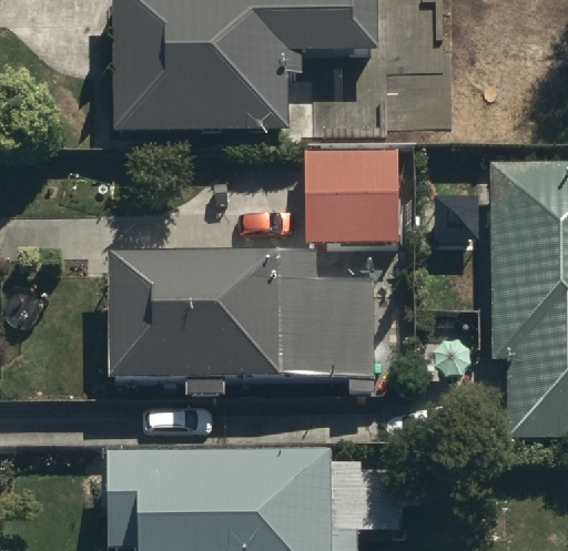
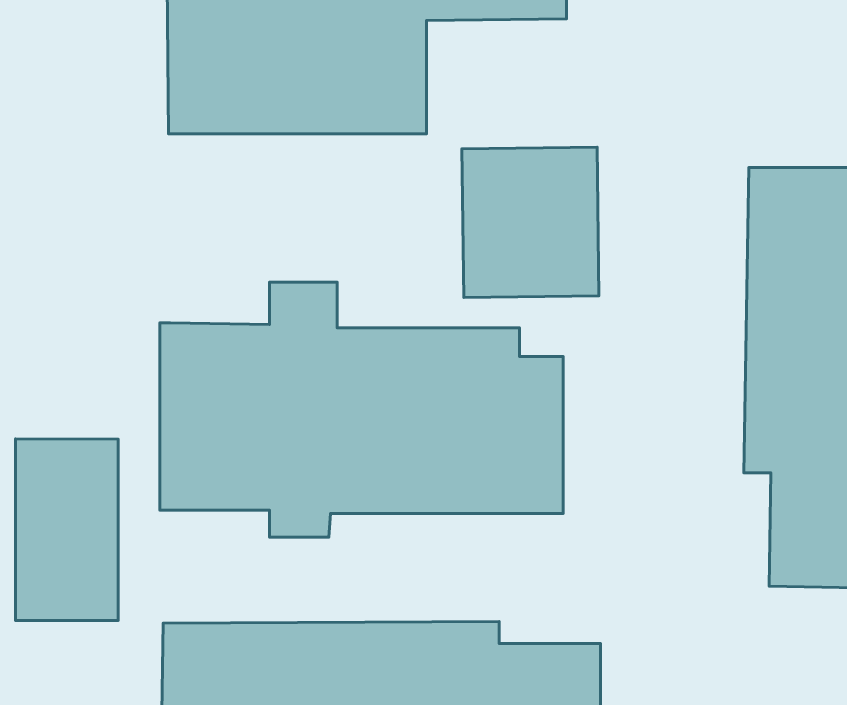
building: none -> [15,439,118,621]

